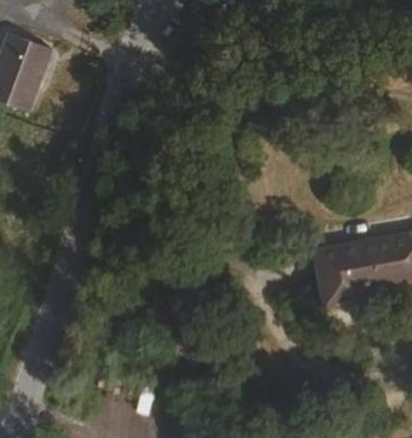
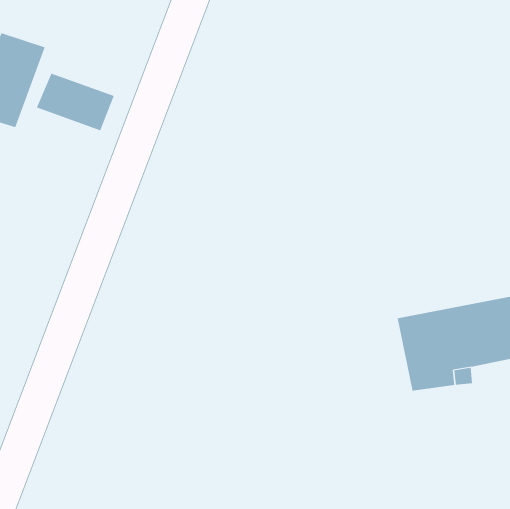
building: none -> [36,73,115,131]

